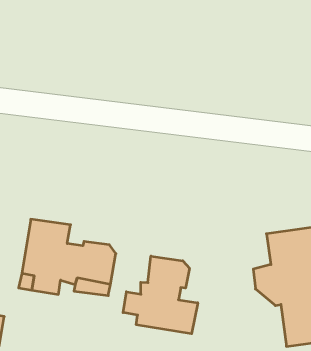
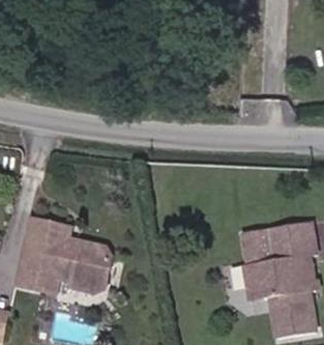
building: [123,256,198,334] -> none

